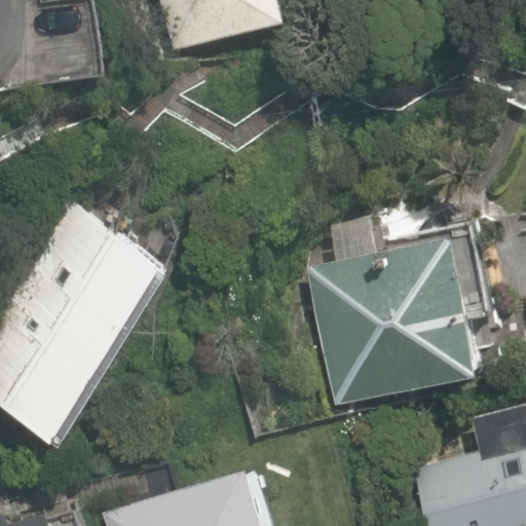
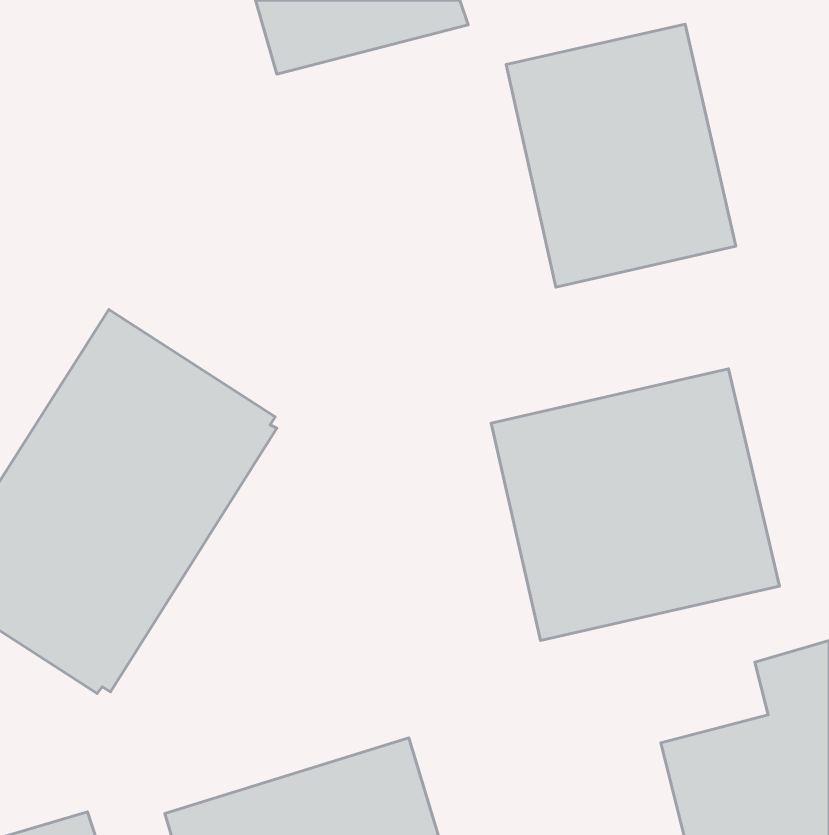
building: none -> [506,24,736,287]

